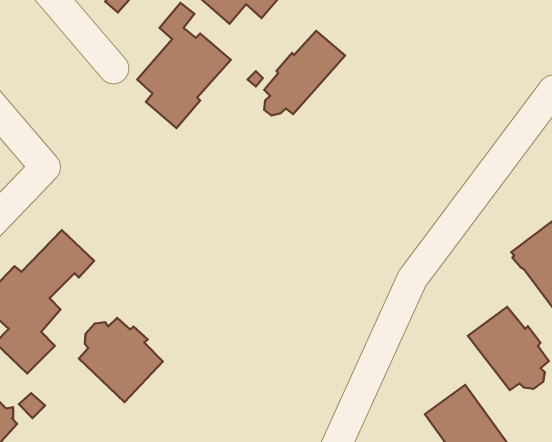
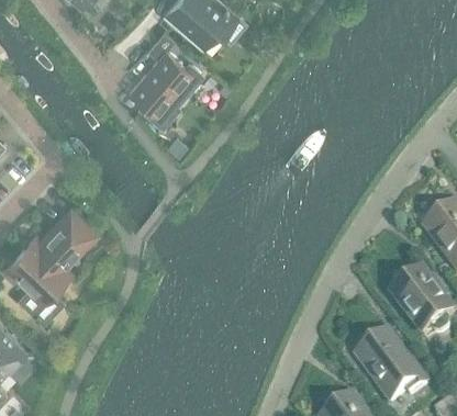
building: [264,31,345,116] -> none
building: [79,318,163,402] -> none

